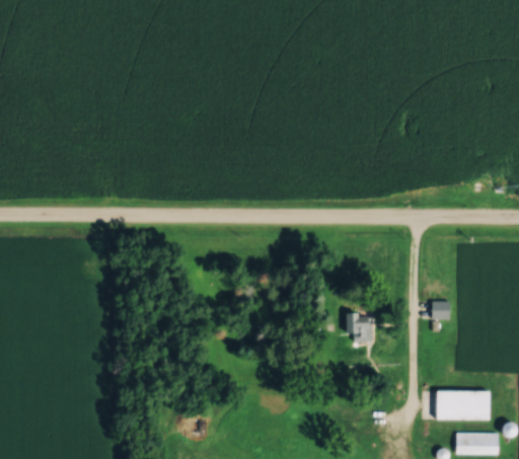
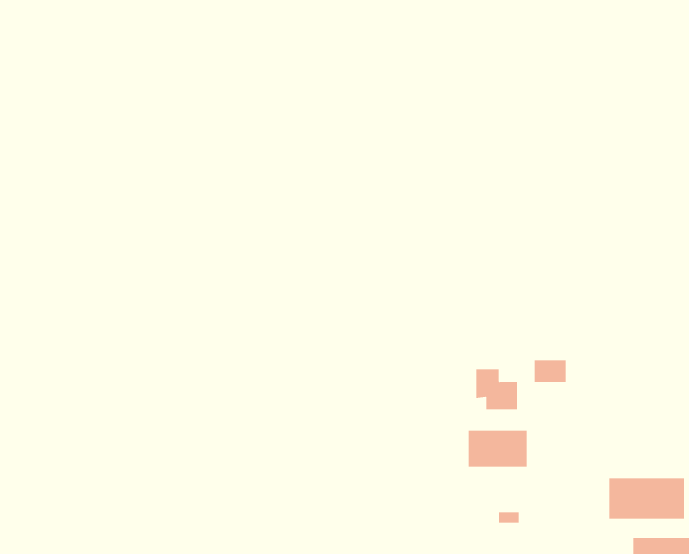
building: [427,302,450,318] -> [534,360,567,383]
building: none -> [468,430,527,468]

